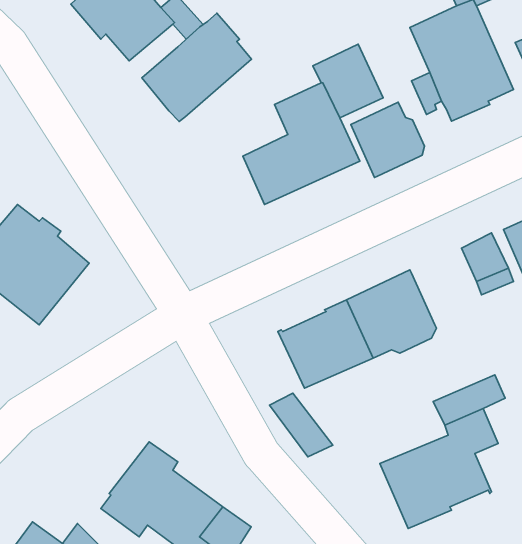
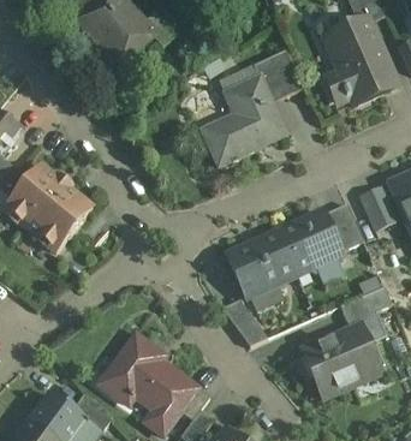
building: [142,13,251,122] -> none
building: [351,102,424,178] -> none
building: none -> [324,202,364,250]

